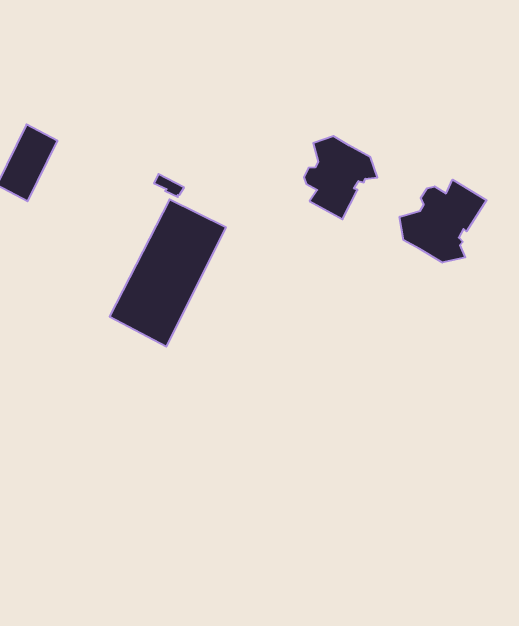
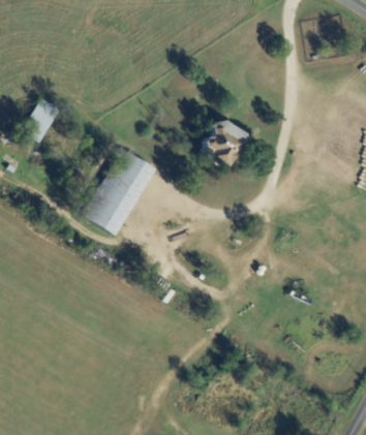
building: [400,180,487,263] -> none

